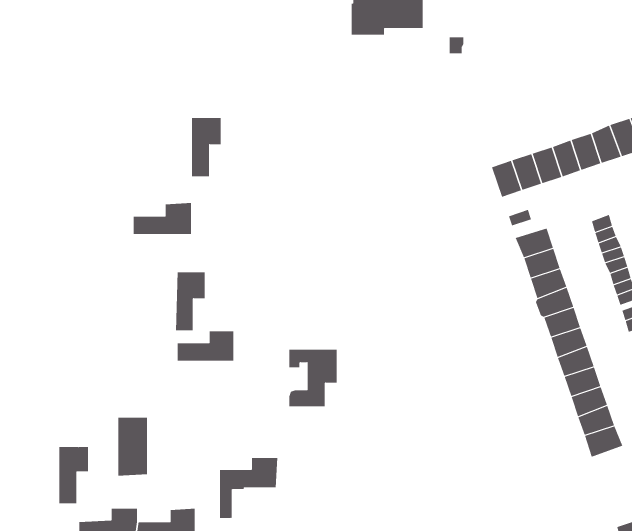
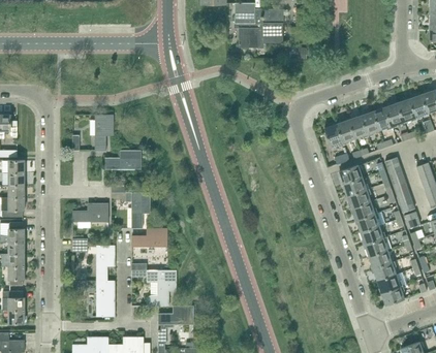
building: [191,118,222,177] -> [95,115,114,151]
building: none -> [72,203,108,222]
building: [288,349,337,407] -> [147,270,177,306]
building: [59,447,89,504] -> [96,246,115,281]

